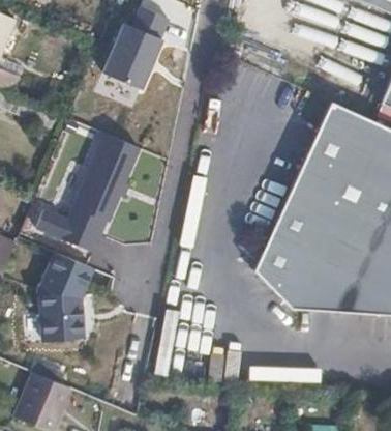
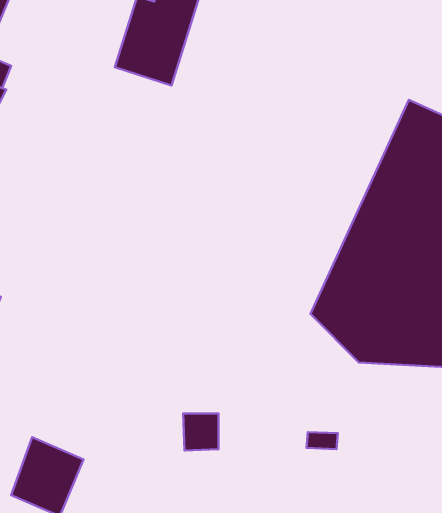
building: [31,131,138,256] -> none
building: [38,257,86,341] -> none

